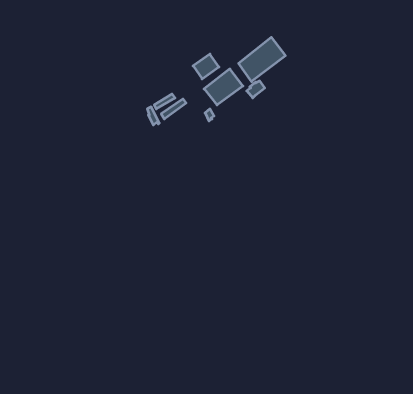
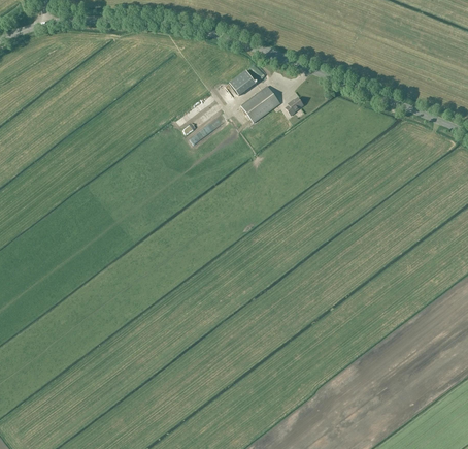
building: [239,37,285,82] -> none

